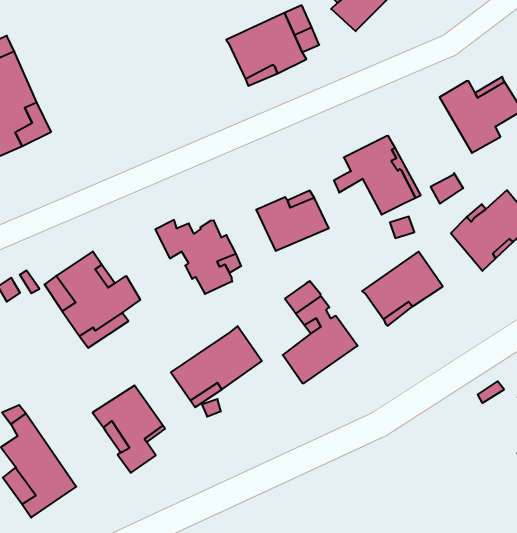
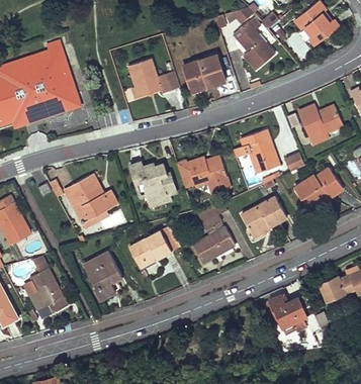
building: none -> [129,60,177,97]
building: none -> [270,295,305,332]

